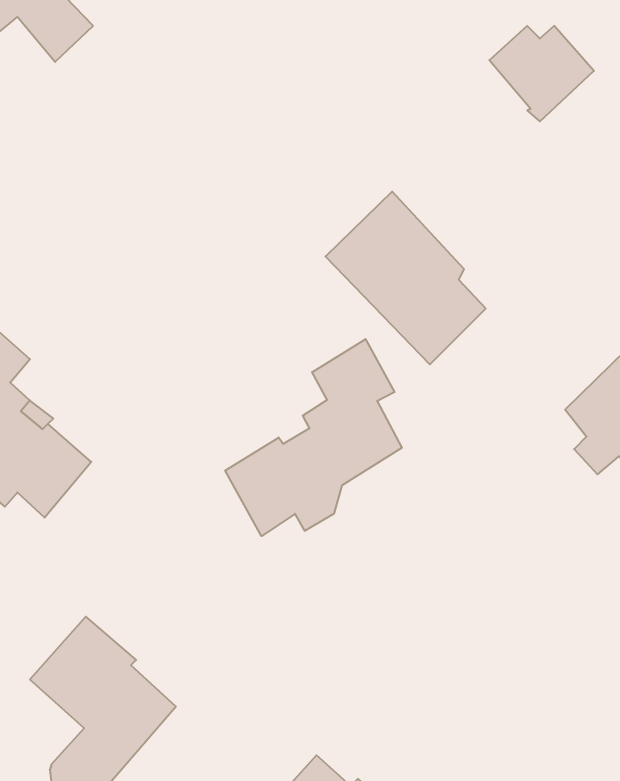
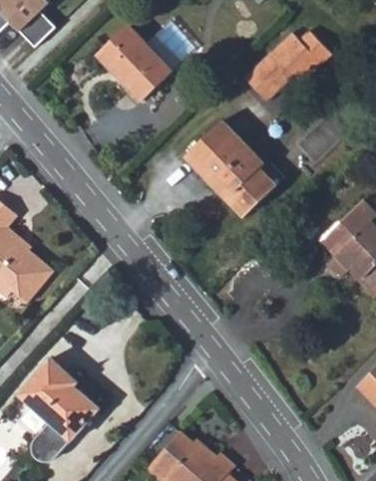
building: none -> [97,23,172,98]
building: none -> [244,47,297,100]
building: [225,339,402,536] -> none

